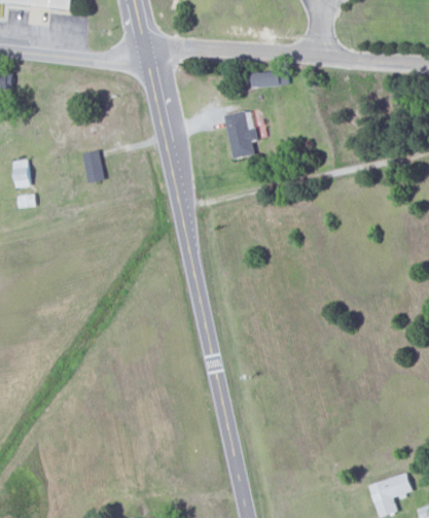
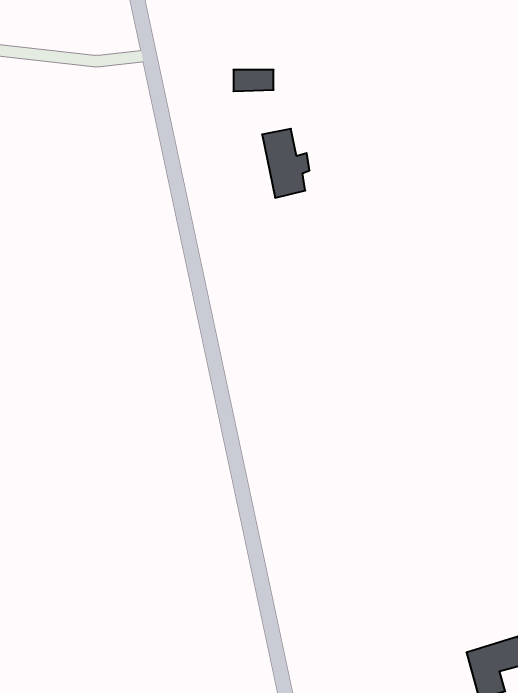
building: [250,71,279,87] -> [233,70,274,91]
building: [80,148,105,183] -> none

